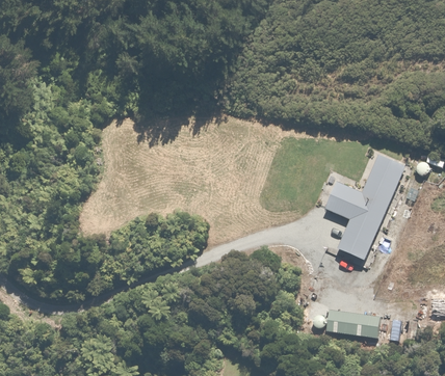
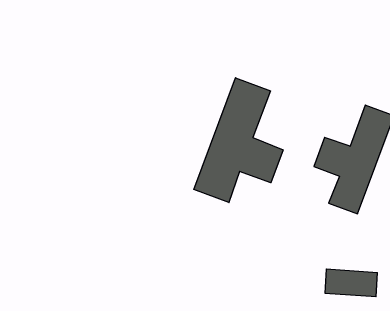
building: none -> [194,78,283,203]

